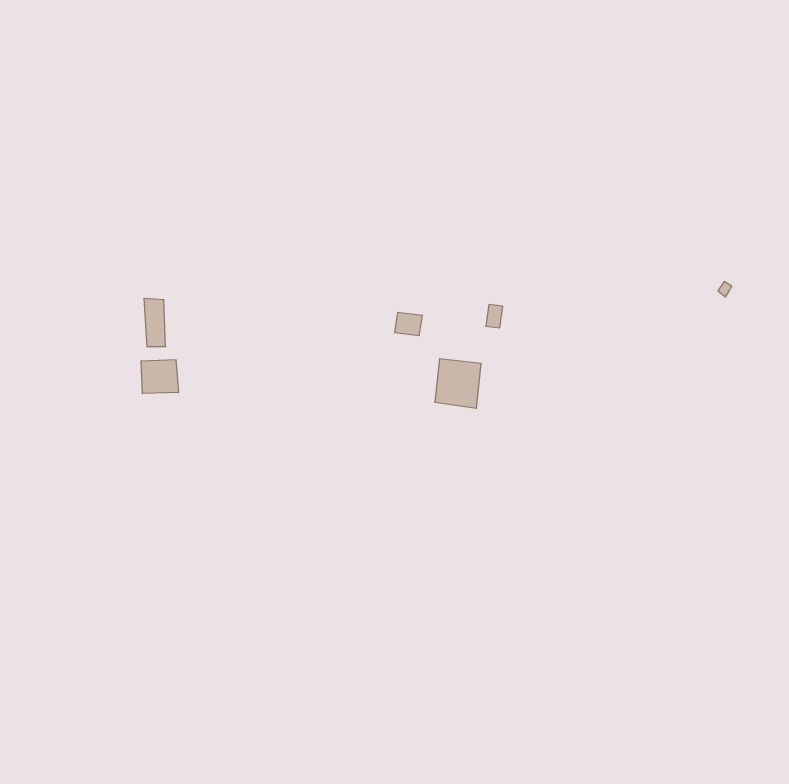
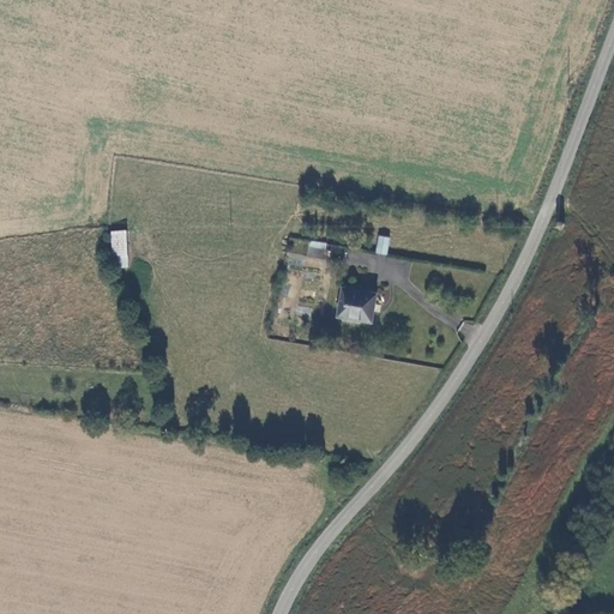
building: [141,360,178,394] -> none

